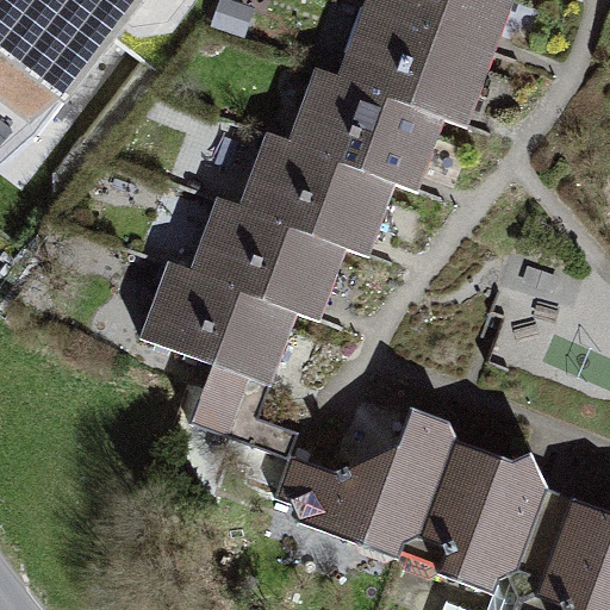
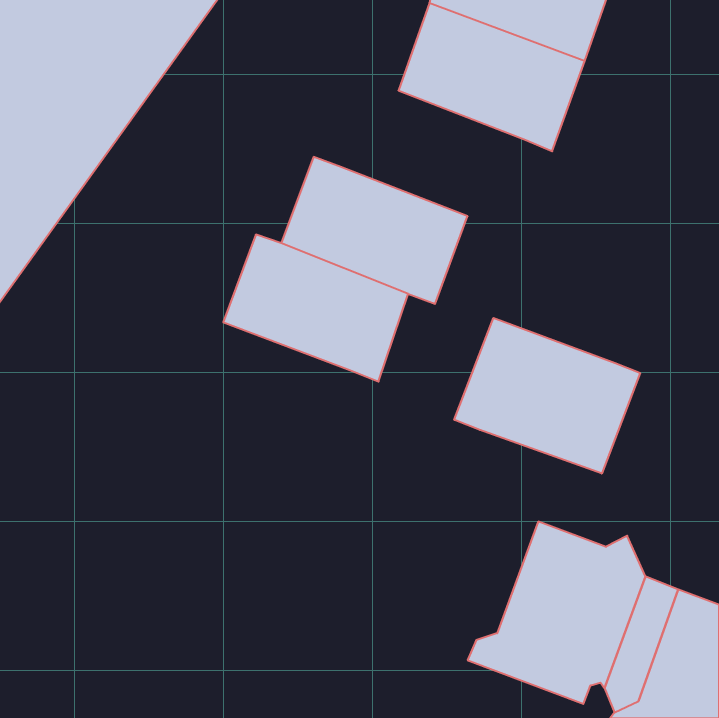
building: [287,68,443,192] -> none
building: [139,264,295,385] -> none
building: none -> [454,318,640,474]
building: [273,407,454,556] -> none

